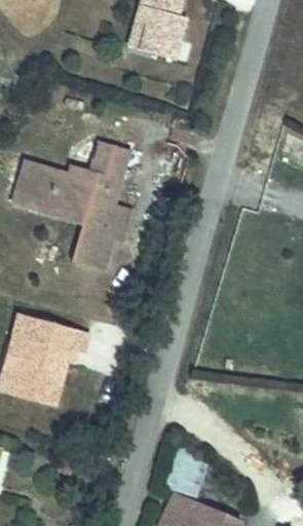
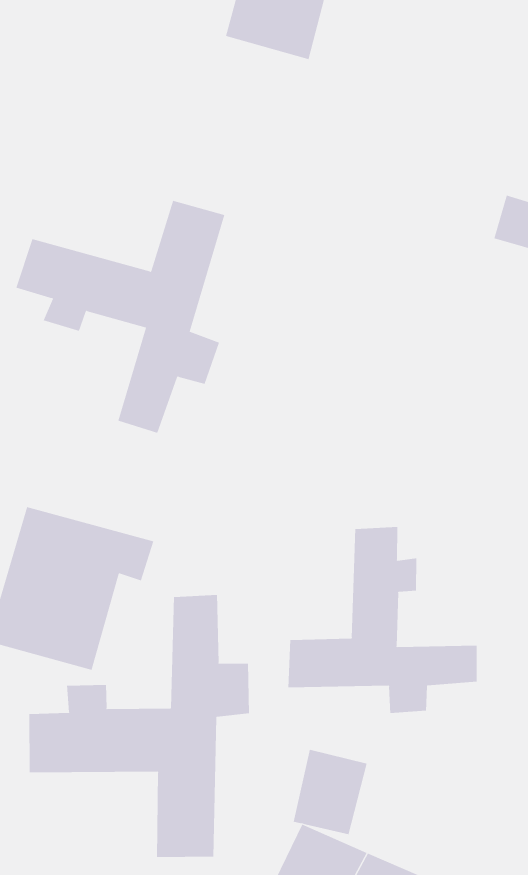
building: none -> [288,526,477,714]
building: none -> [29,594,250,858]

